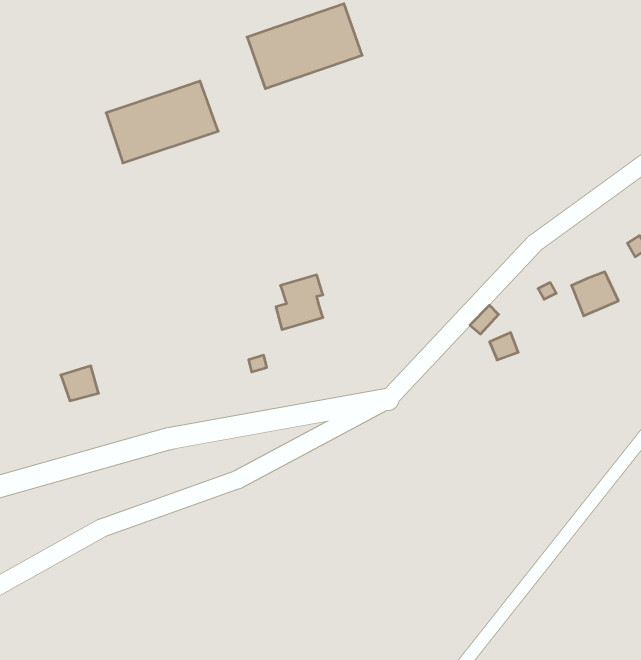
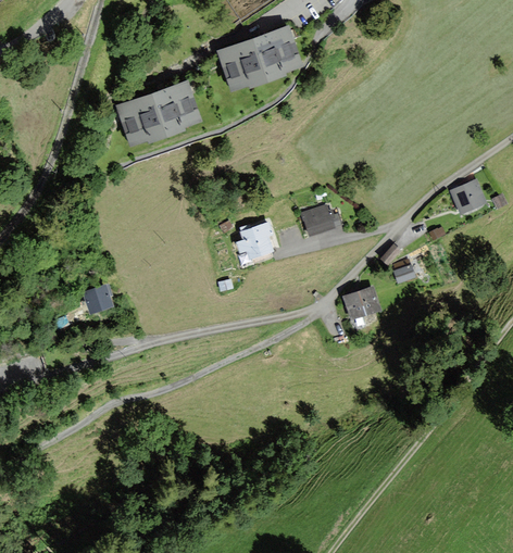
building: none -> [302,205,334,235]
building: [571,272,618,316] -> [452,181,486,213]
building: none -> [345,288,380,318]

